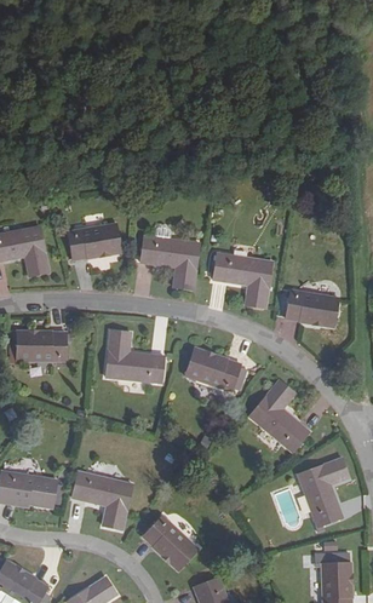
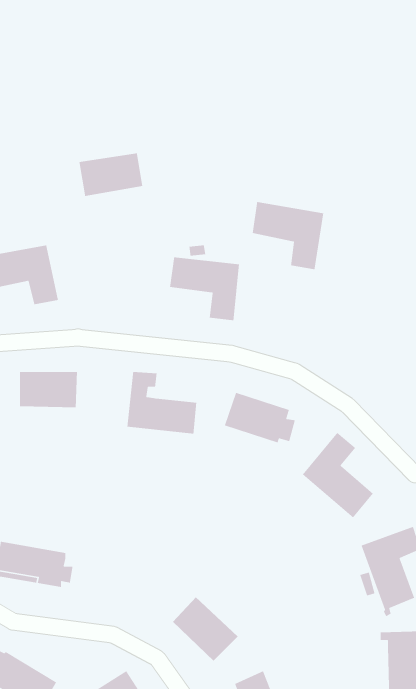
building: [68,224,121,260] -> [79,153,143,197]
building: [213,252,272,309] -> [252,201,324,270]
building: [285,291,338,327] -> none
building: [71,471,132,529] -> none

